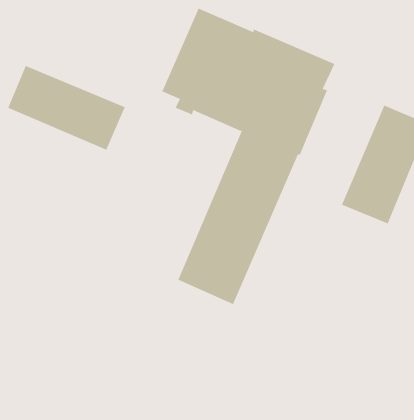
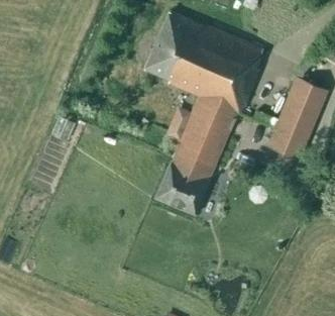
building: [8,65,125,150] -> none

